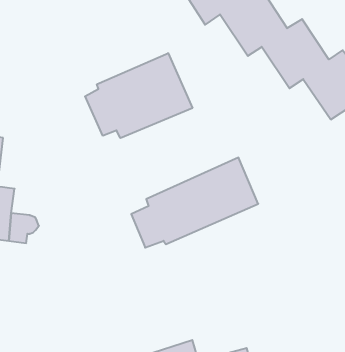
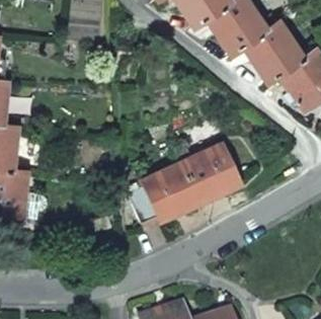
building: [85,53,192,138] -> none

